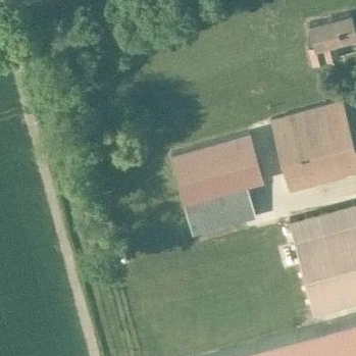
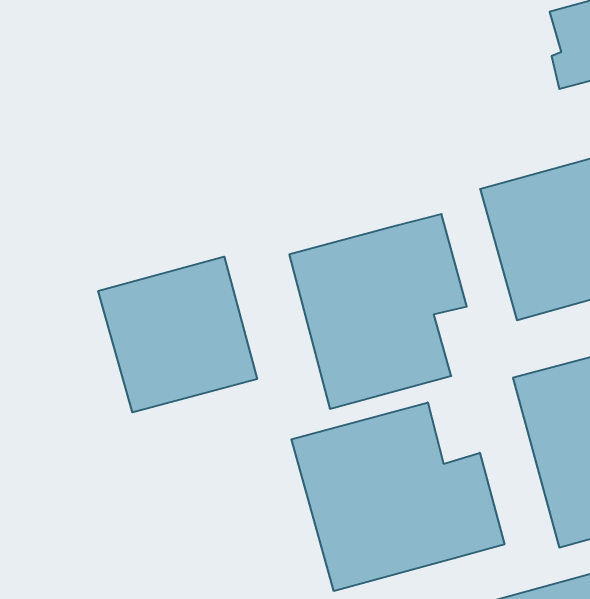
building: none -> [98,257,257,412]
building: none -> [291,402,504,591]

